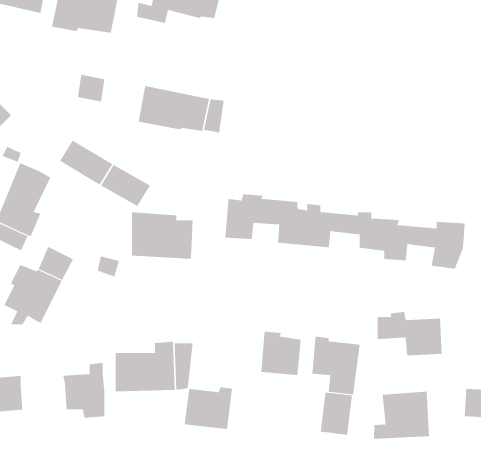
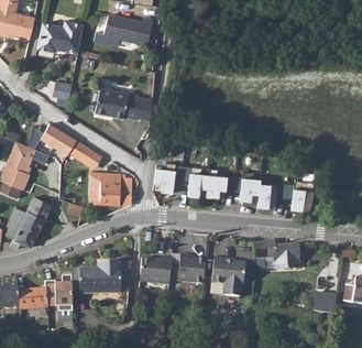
building: none -> [17,289,46,309]
building: [184,387,233,430] -> [139,254,172,283]
building: [373,391,430,440] -> none
building: [320,392,353,436] -> none

